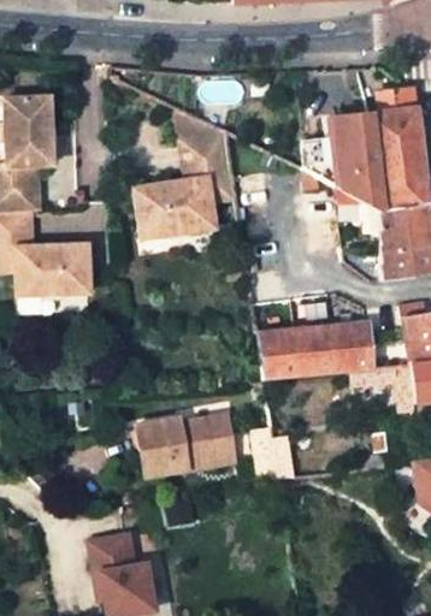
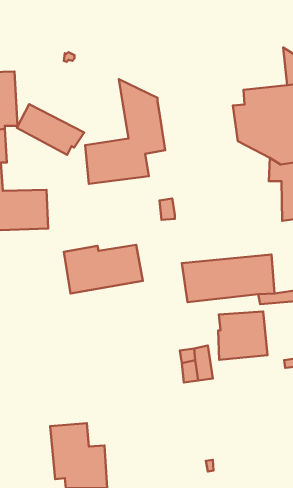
building: none -> [17,104,84,155]
building: none -> [218,311,267,360]
building: [138,416,237,476] -> [64,245,143,293]

